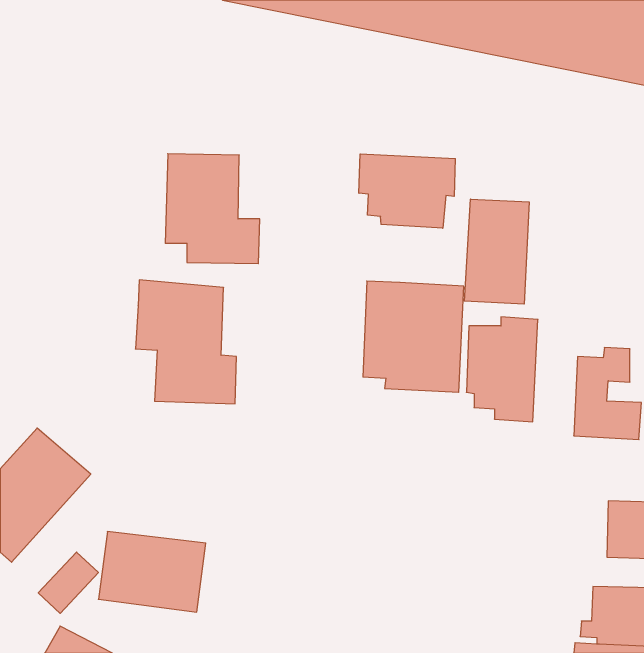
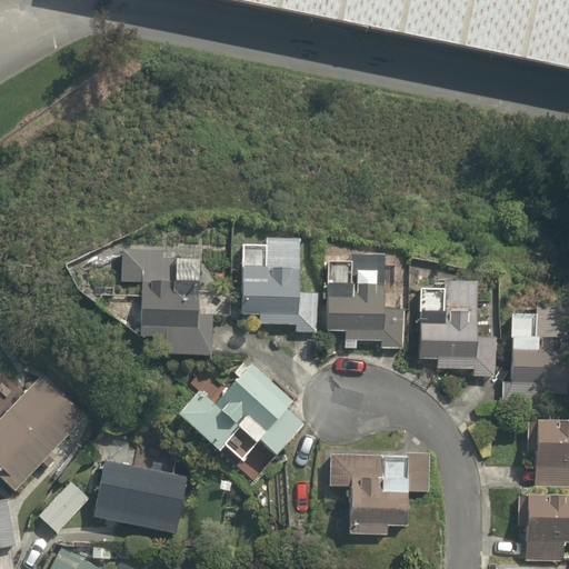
building: [165,154,260,264] -> [237,234,319,330]
building: [359,154,455,228] -> none
building: [464,199,529,304] -> none
building: none -> [173,347,313,460]
building: none -> [330,450,429,535]

